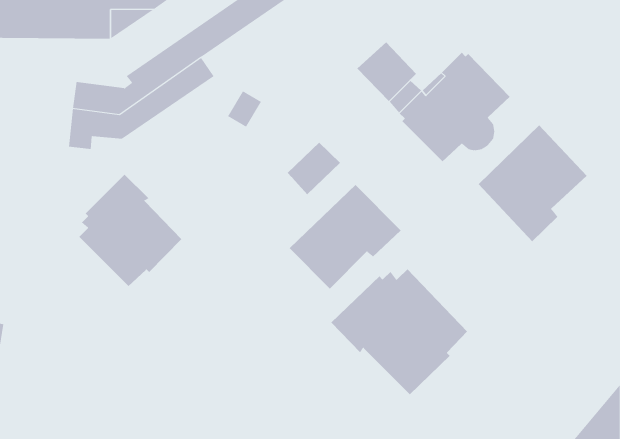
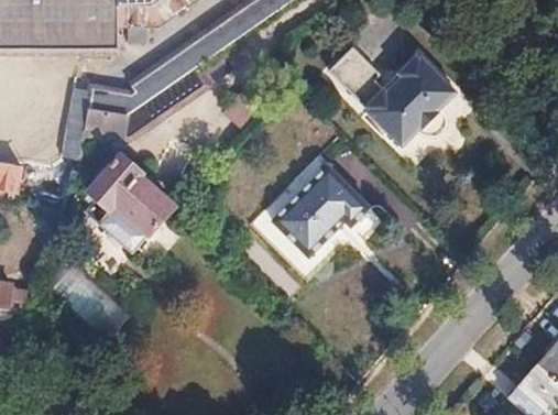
building: [478,124,588,242] -> none
building: [287,142,341,195] -> none
building: [331,269,468,395] -> none

